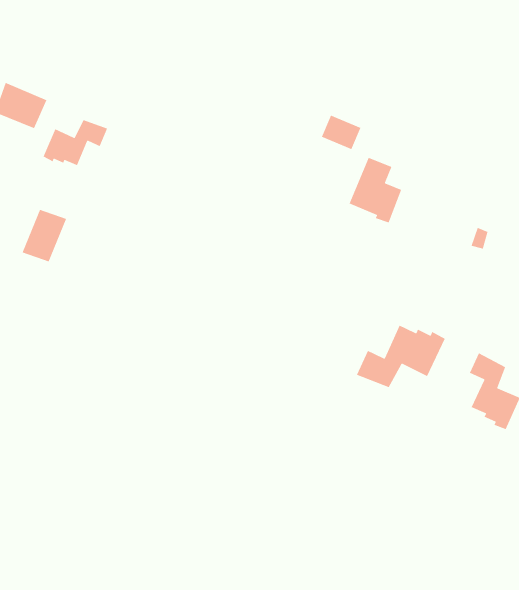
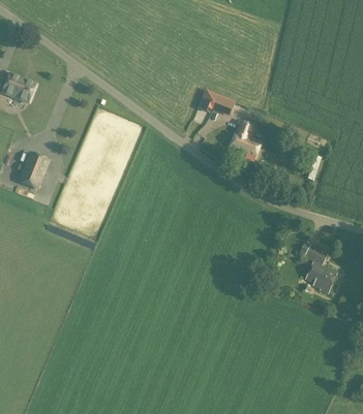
building: [43,119,108,166] -> none
building: [356,324,446,388] -> none

